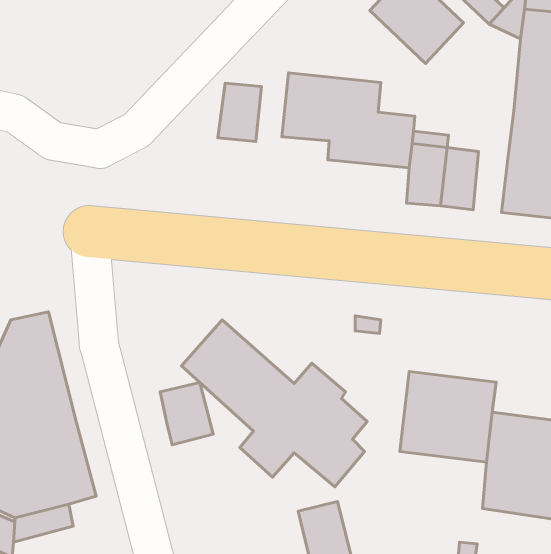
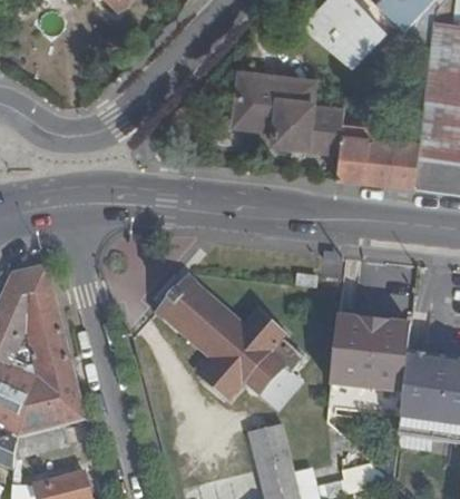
building: [218,83,261,142] -> none
building: none -> [392,136,421,186]
building: [160,383,213,445] -> none

